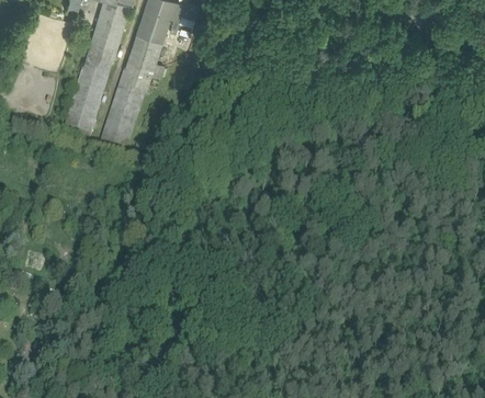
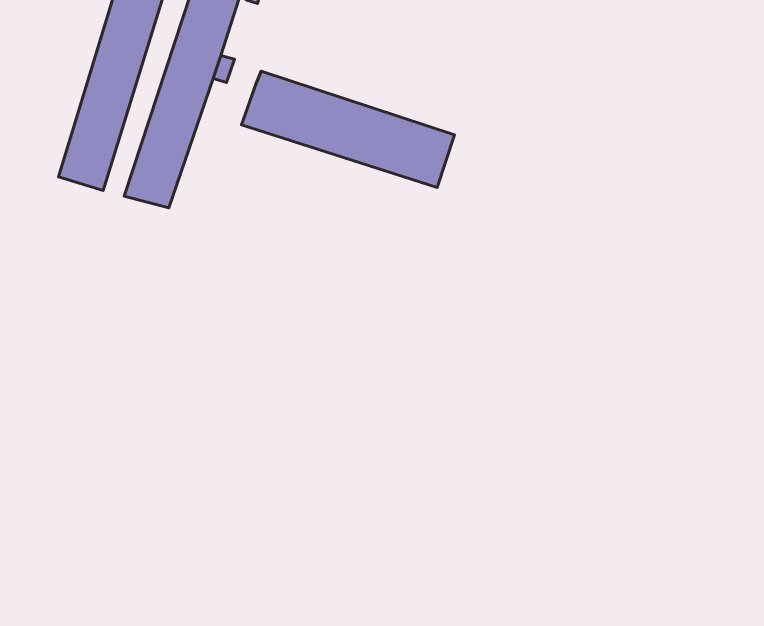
building: none -> [242,71,454,187]

